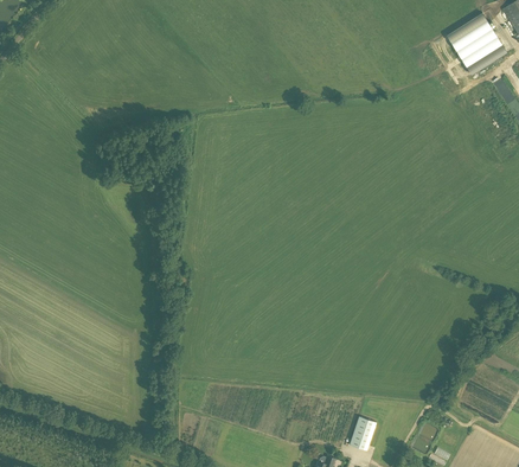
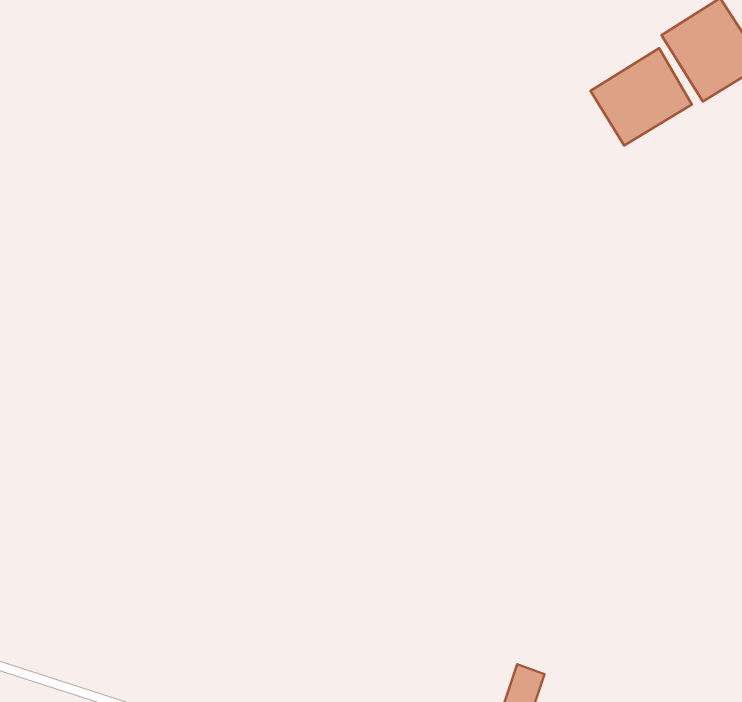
building: none -> [591,48,692,145]

